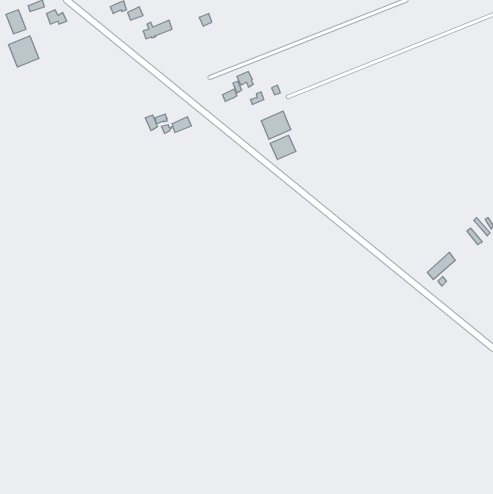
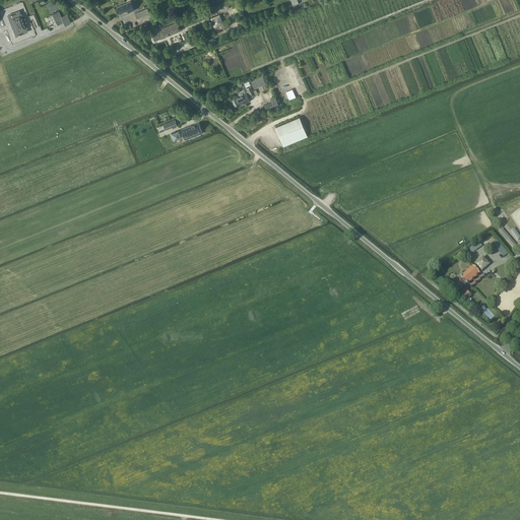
building: [8,36,39,67] -> none
building: [270,135,296,160] -> none

